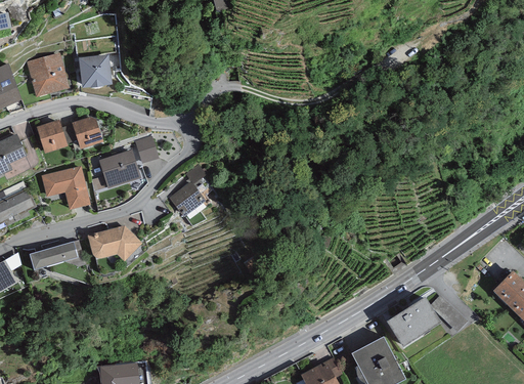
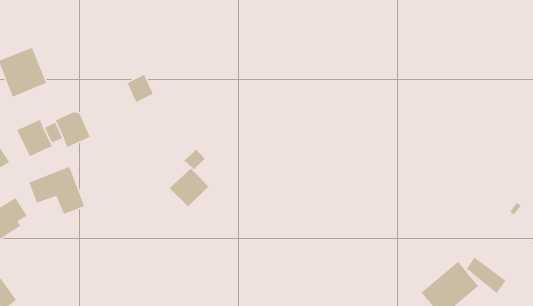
building: [77,54,111,88] -> none
building: [134,138,158,164] -> [127,74,154,103]
building: [97,150,140,188] -> none
building: [86,225,141,261] -> none
building: [29,240,84,270] -> none

